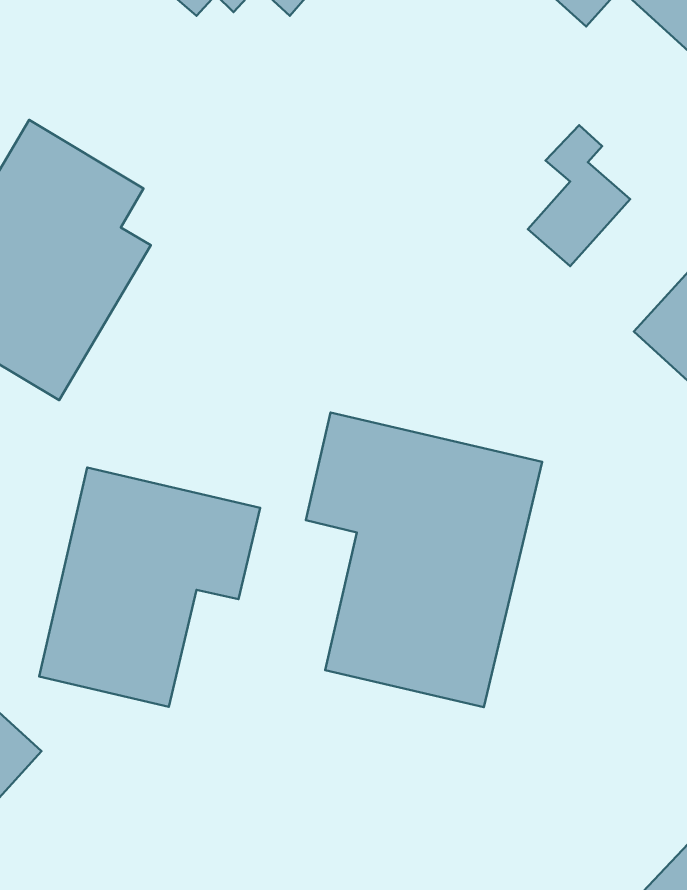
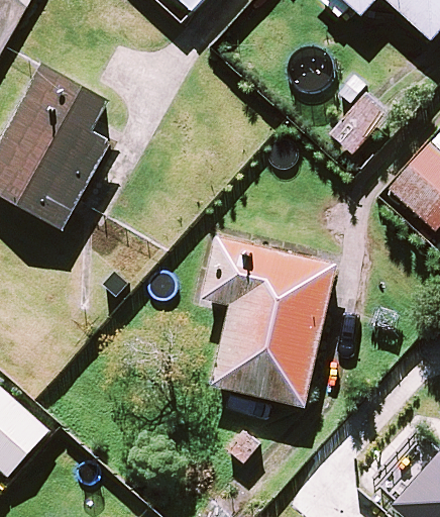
building: [39,468,260,707] -> none

